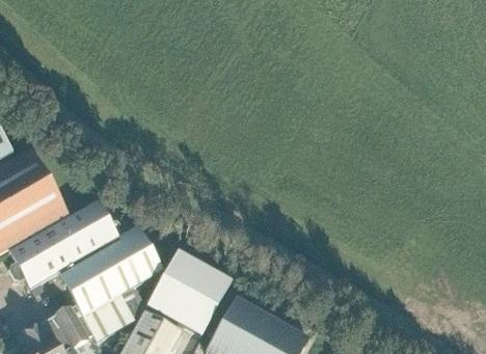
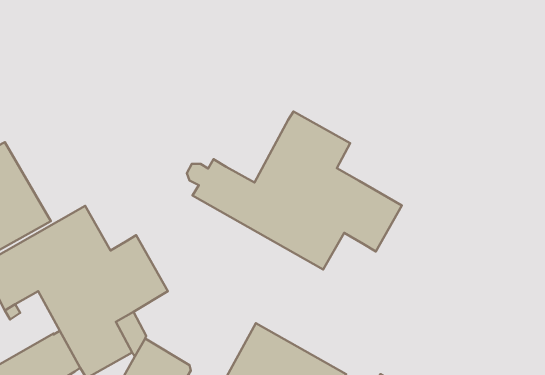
building: none -> [187,111,402,269]
building: [147,250,233,334] -> none

